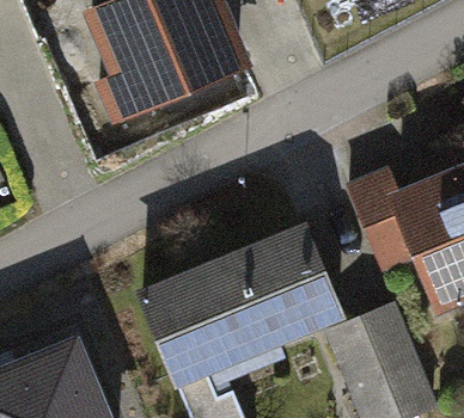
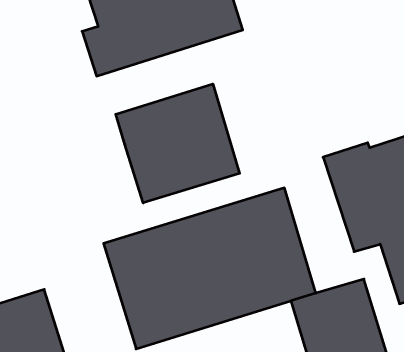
building: none -> [116,84,240,203]

